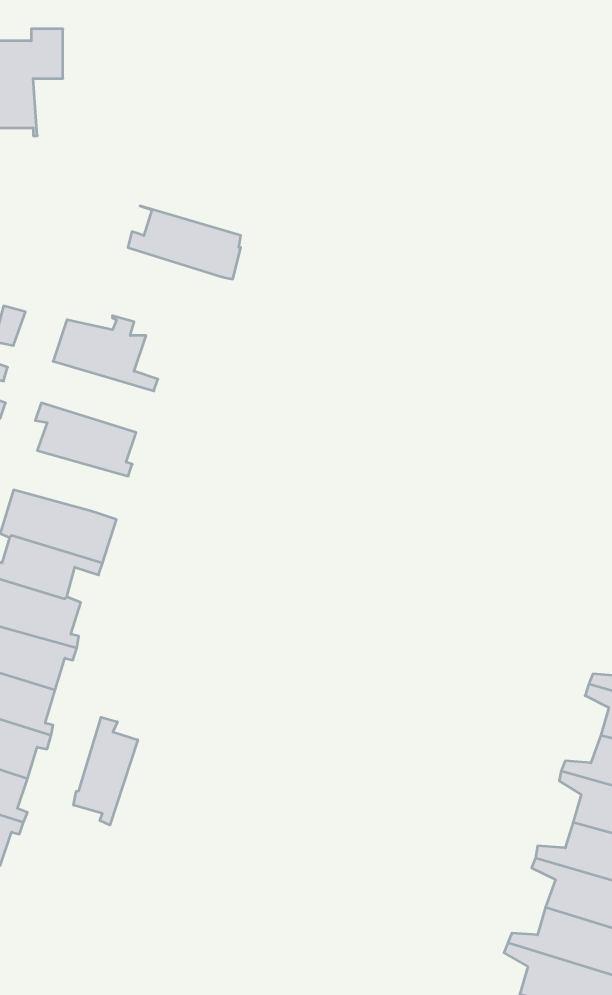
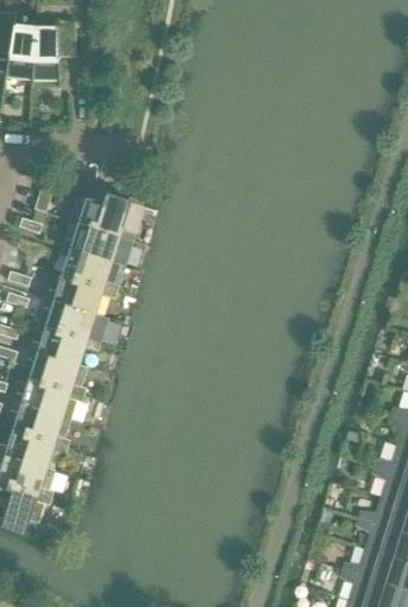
building: [128,206,241,279] -> [63,221,130,264]
building: none -> [46,274,115,311]
building: [74,717,138,825] -> none

